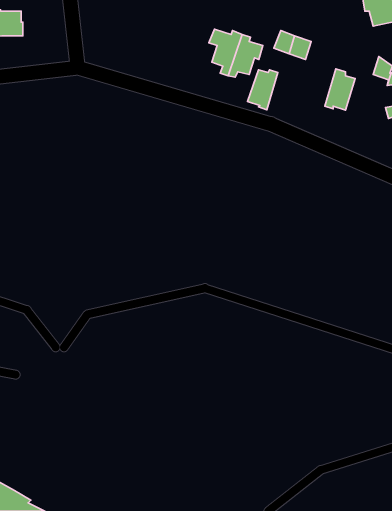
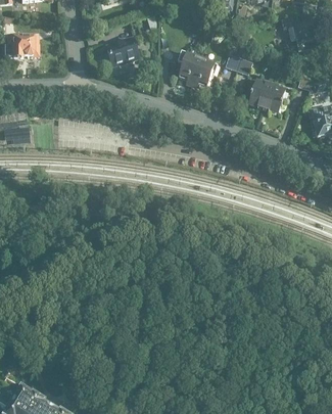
building: none -> [106,40,138,61]
building: [248,70,278,110] -> [248,80,271,109]

